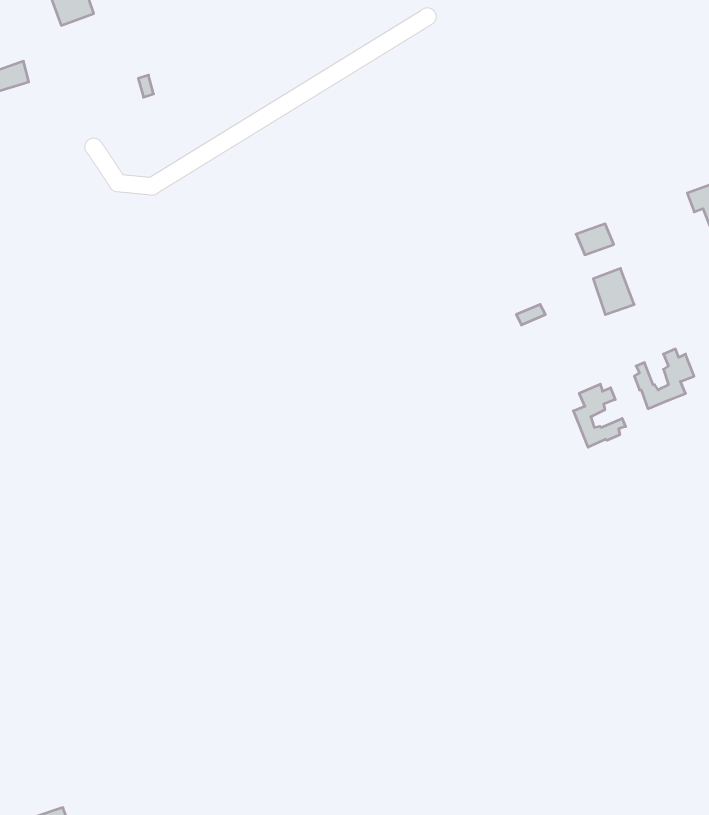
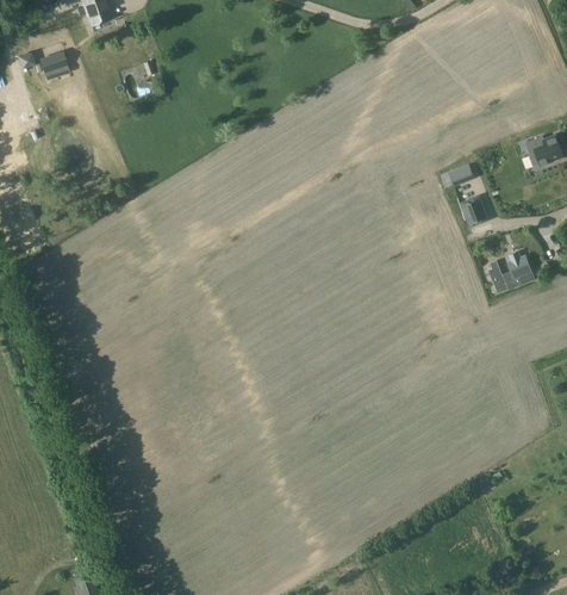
building: [573,384,626,447] -> none

